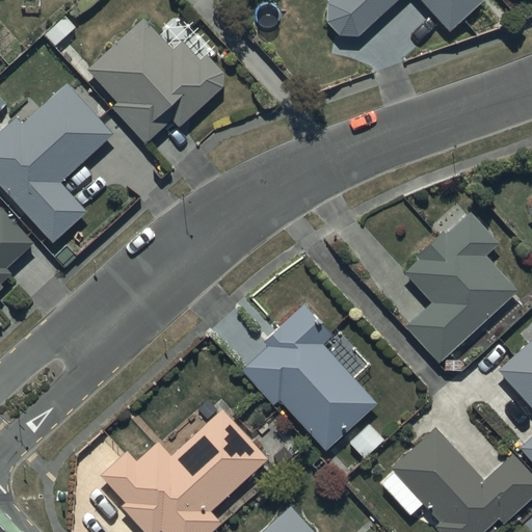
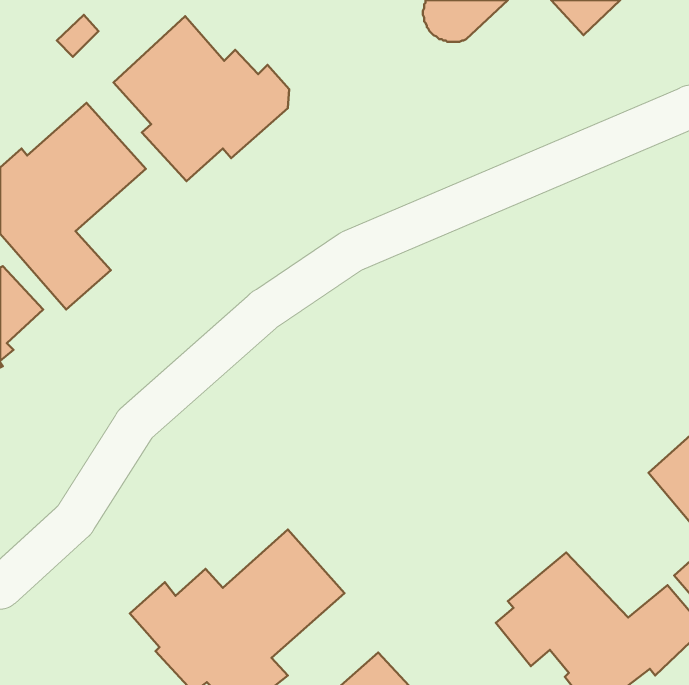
building: [404,214,518,363] -> none
building: [242,303,377,451] -> none

